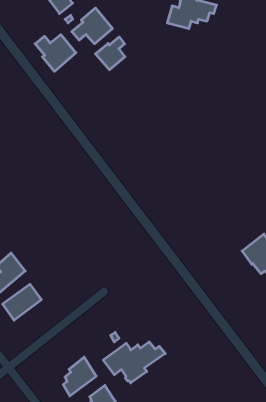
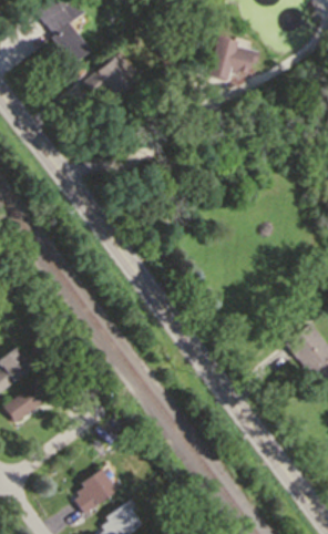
building: [35,35,76,71] -> none
building: [95,37,125,70] -> none
building: [103,342,165,383] -> none

